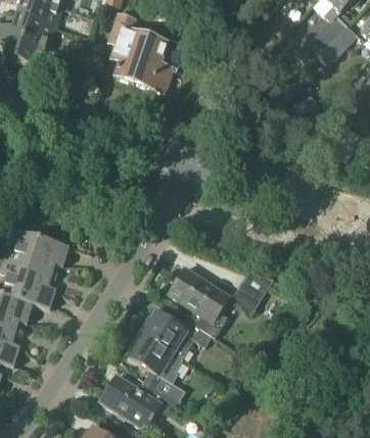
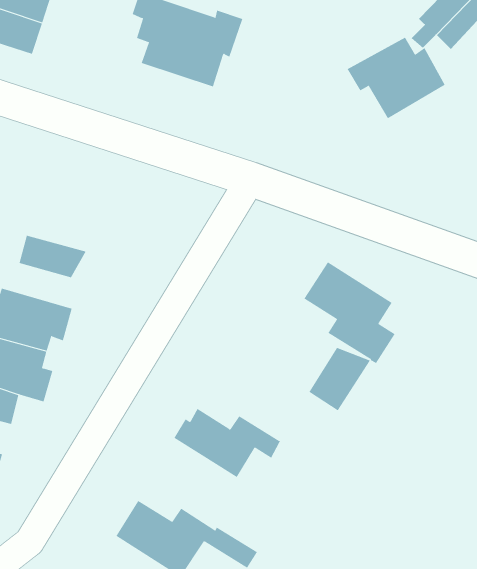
building: none -> [347,37,445,119]
building: none -> [19,235,86,278]
building: [168,266,231,337] -> [304,261,396,364]
building: [128,331,183,395] -> none

